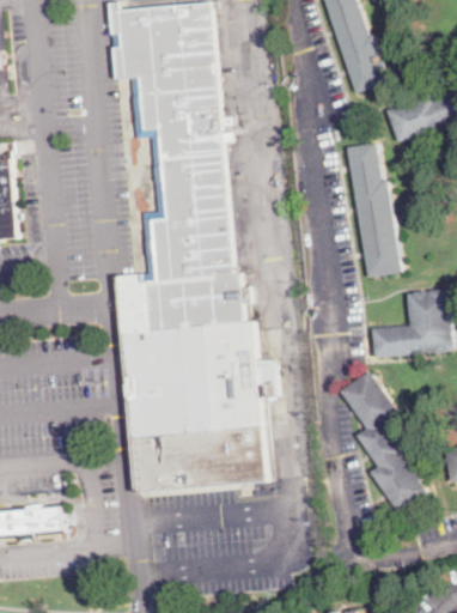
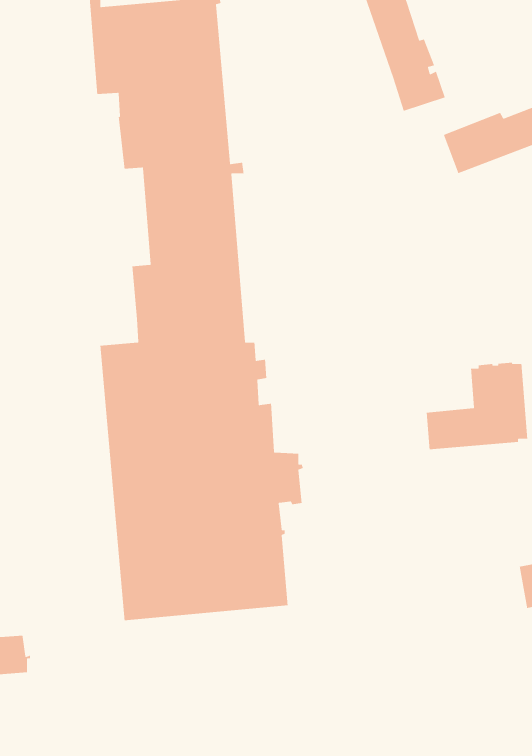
building: [347,142,402,277] -> none
building: [341,371,428,512] -> none

